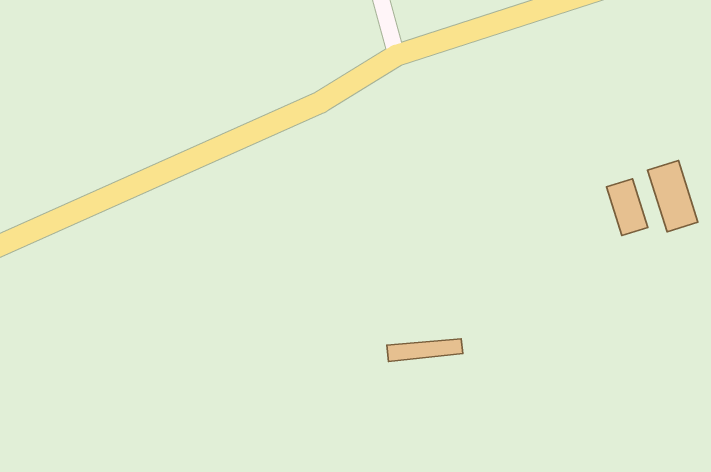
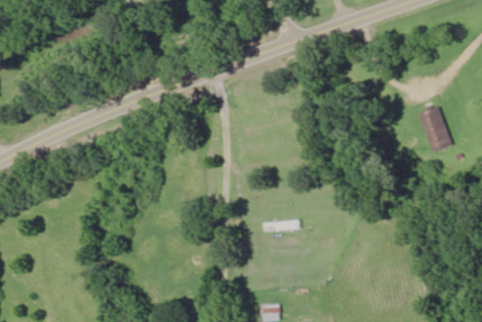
building: [607,179,648,236] -> none

